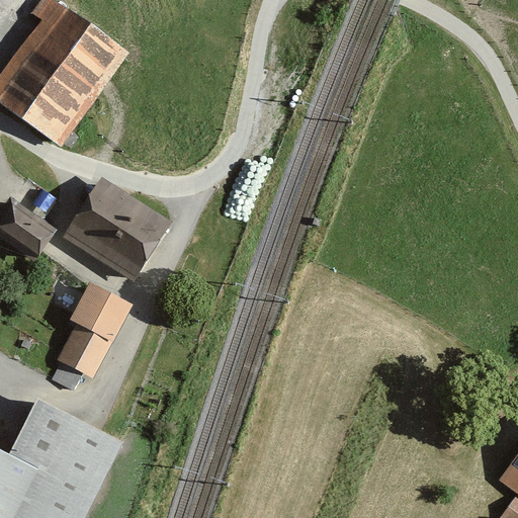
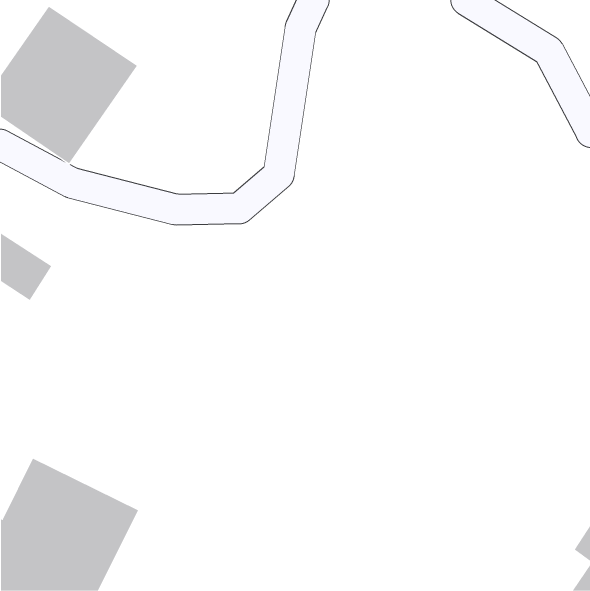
building: [62,179,164,277] -> none
building: [60,280,134,376] -> none

